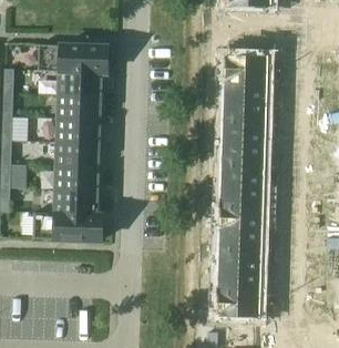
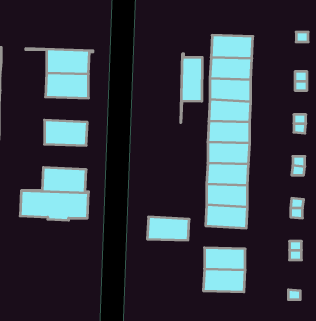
building: [39,44,107,73] -> none
building: none -> [181,54,202,123]
building: [58,120,102,145] -> none
building: [56,167,100,193] -> none
building: [218,249,260,273] -> [147,217,189,240]

